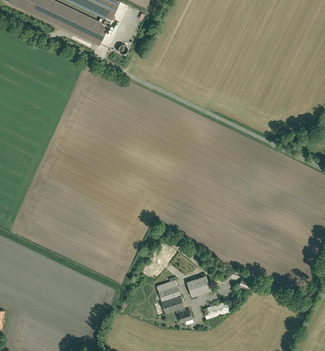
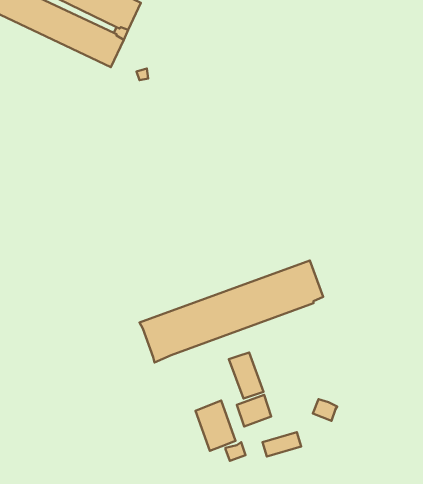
building: none -> [140,260,323,363]
building: none -> [229,352,264,398]

